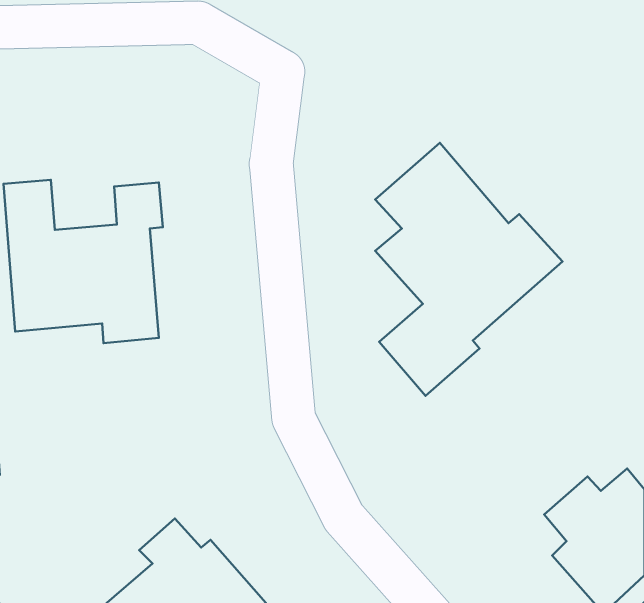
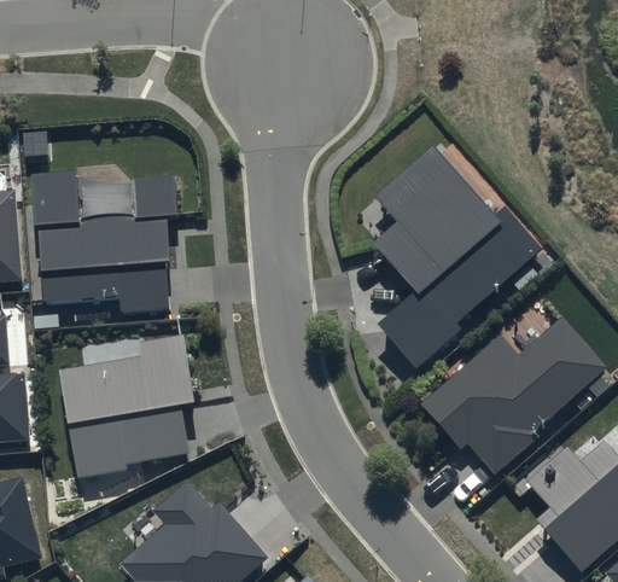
building: none -> [418,316,605,475]
building: none -> [59,334,193,484]

